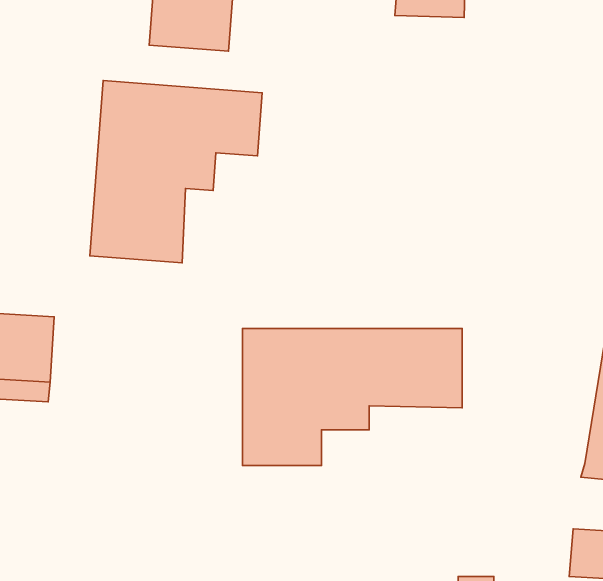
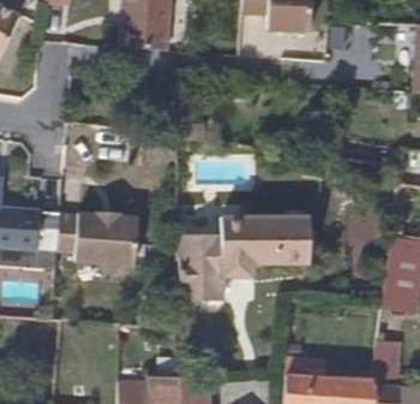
building: [90,81,262,263] -> none
building: none -> [79,212,142,266]

